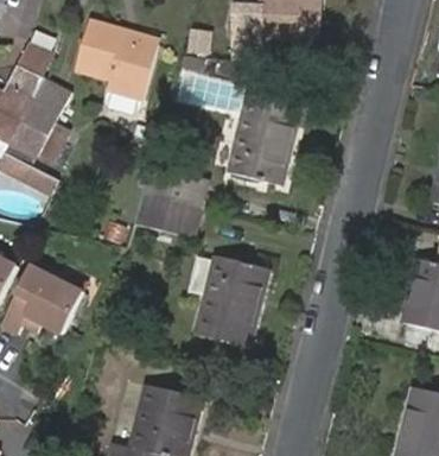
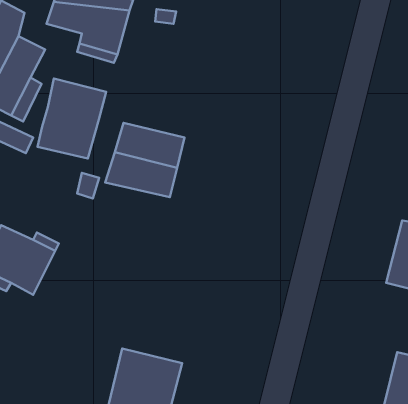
building: [173,74,228,107] -> none
building: [229,93,303,185] -> none
building: none -> [38,79,106,158]
building: [197,255,269,347] -> none

